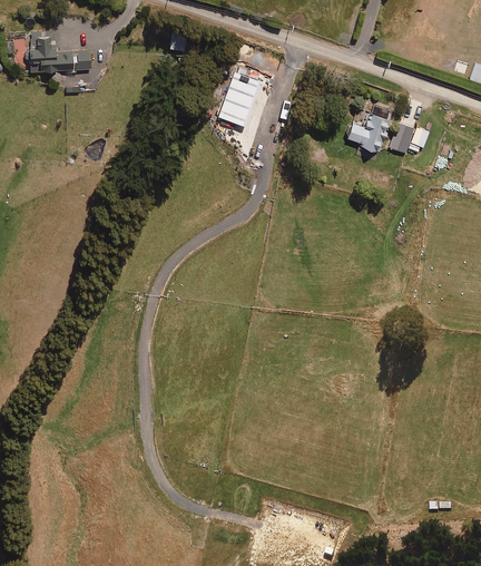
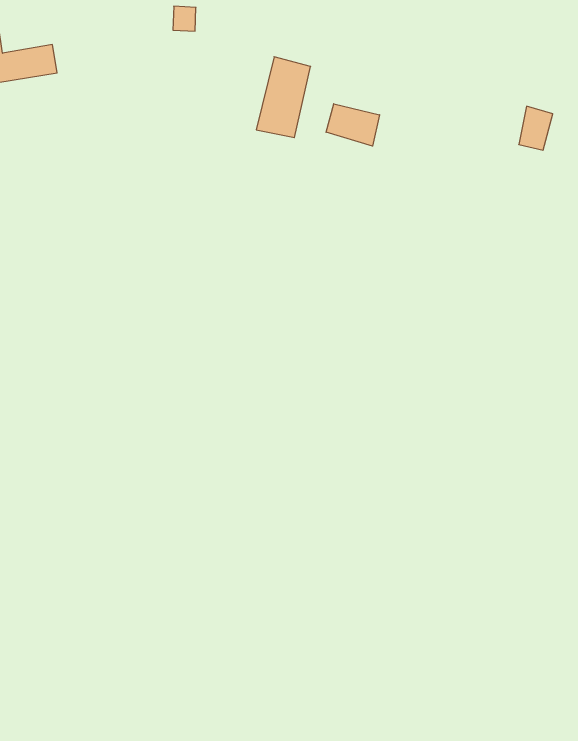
building: [344,103,389,150] -> none
building: none -> [326,104,380,146]

